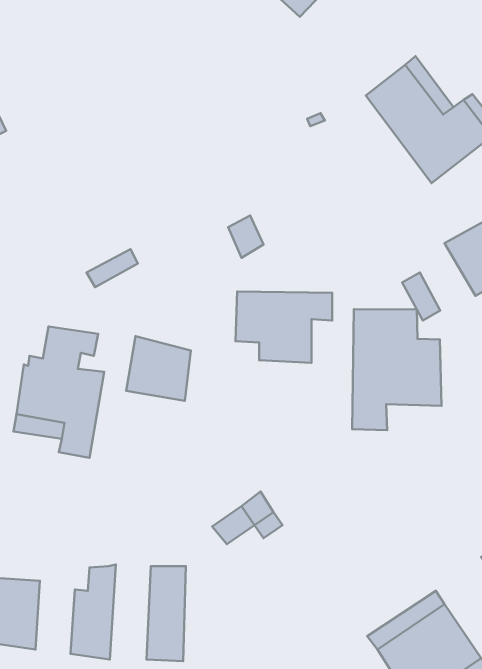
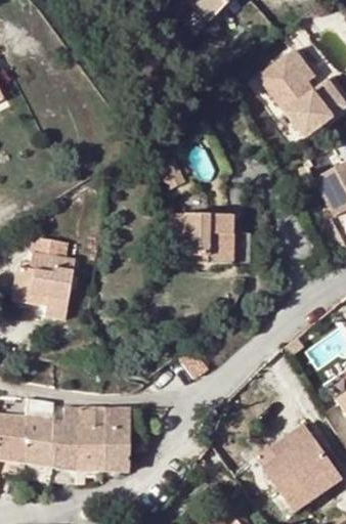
building: [352,309,441,430] -> none
building: [126,336,191,401] -> none
building: none -> [26,396,54,467]
building: none -> [78,404,106,471]

